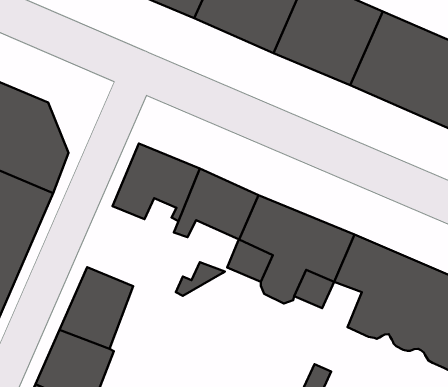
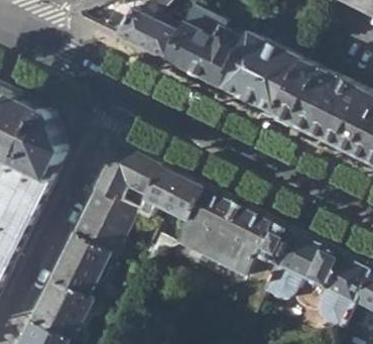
building: none -> [73,191,133,254]

